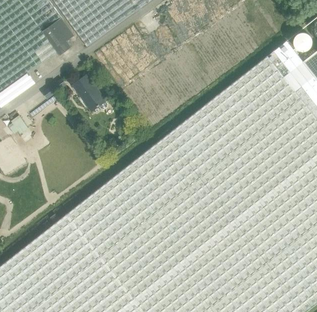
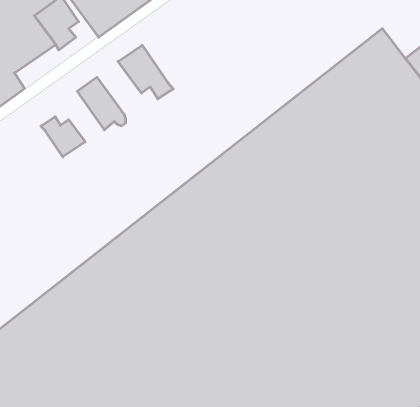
building: none -> [118,45,173,99]
building: none -> [41,117,85,157]

